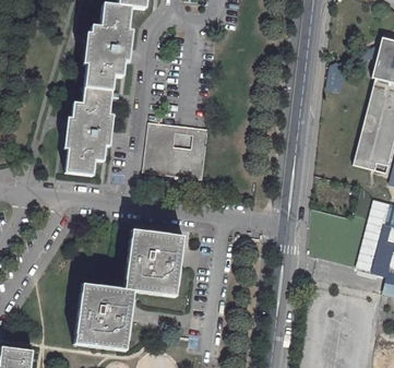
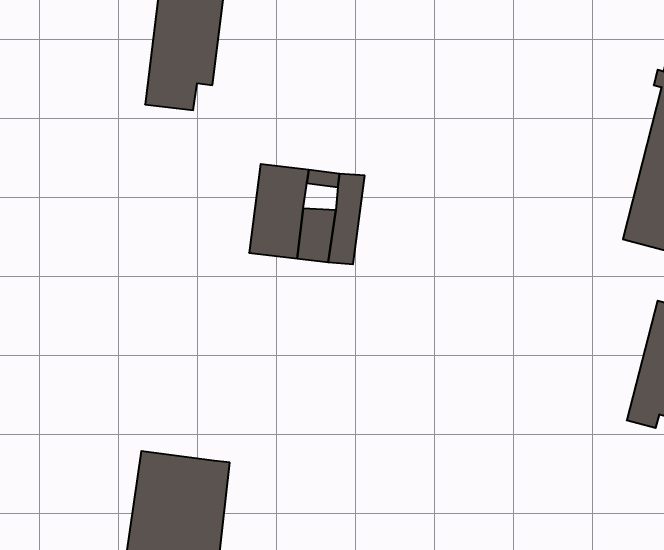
building: [65,87,111,175] -> none
building: [123,230,182,296] -> none

